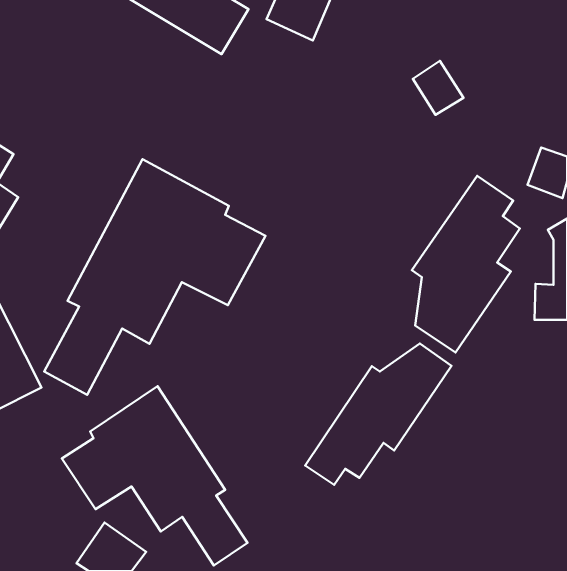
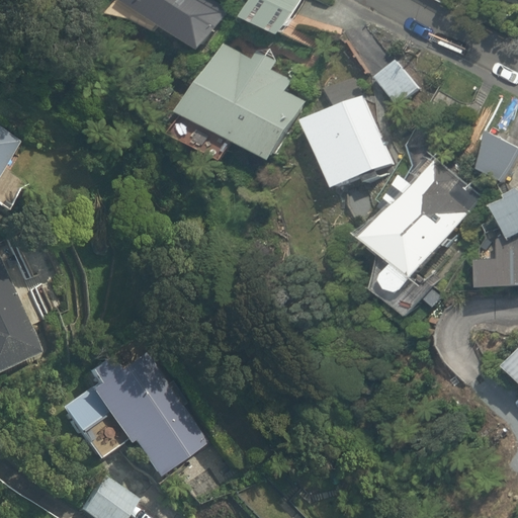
building: none -> [182,35,304,162]
building: none -> [303,95,391,188]
building: [44,159,265,395] -> none
building: [305,344,452,485] -> none

